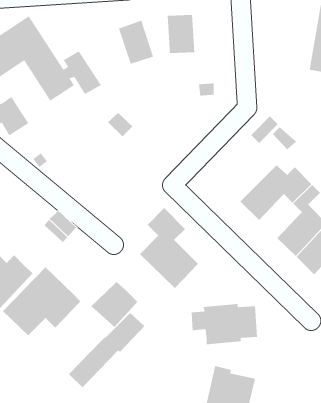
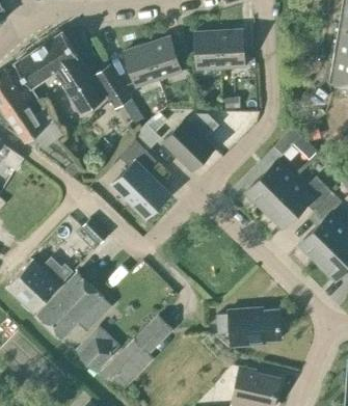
building: none -> [219,30,245,67]
building: none -> [125,45,159,86]
building: none -> [163,115,217,170]
building: none -> [246,161,299,210]
building: [139,207,199,289] -> [112,140,169,218]
building: [91,281,138,328] -> [75,328,121,373]

